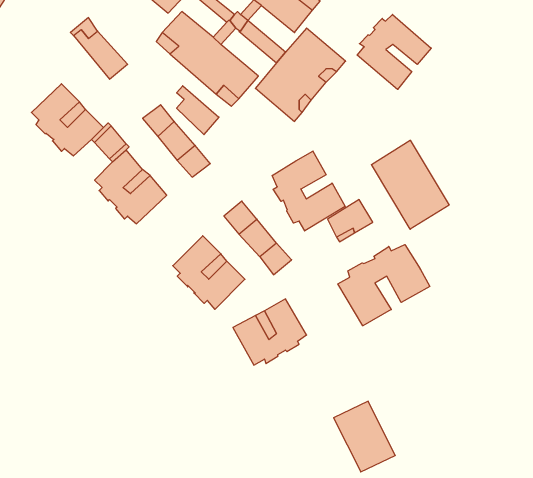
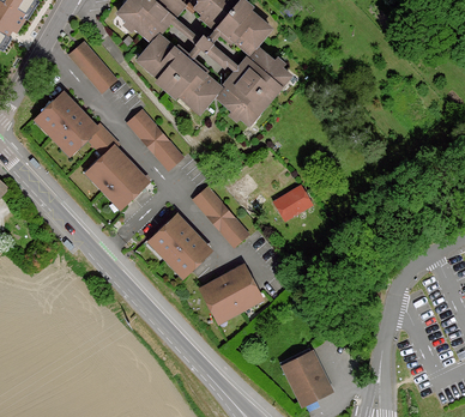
building: [357,14,431,89] -> none
building: [177,86,219,135] -> none
building: [371,140,449,229] -> none
building: [272,151,345,231] -> none
building: [338,245,430,326] -> none

